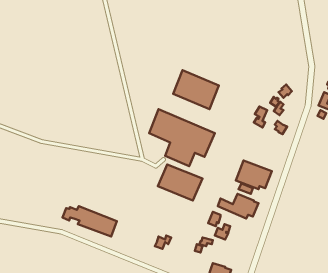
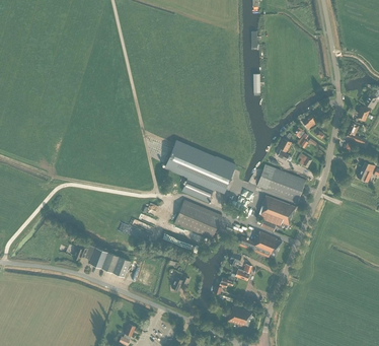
building: [173,70,219,109] -> none
building: none -> [257,164,306,201]

